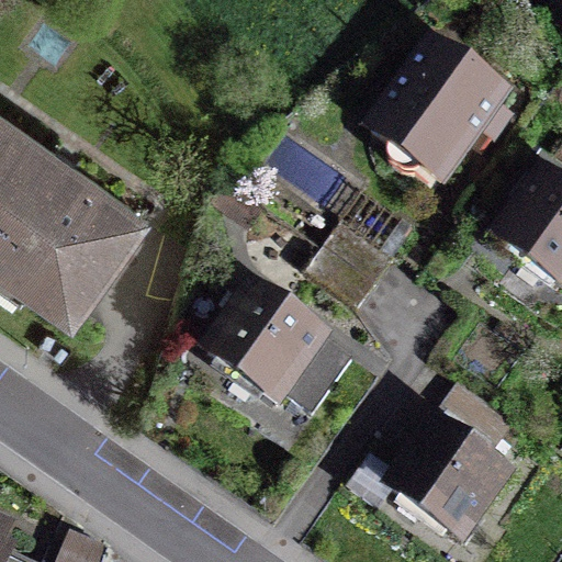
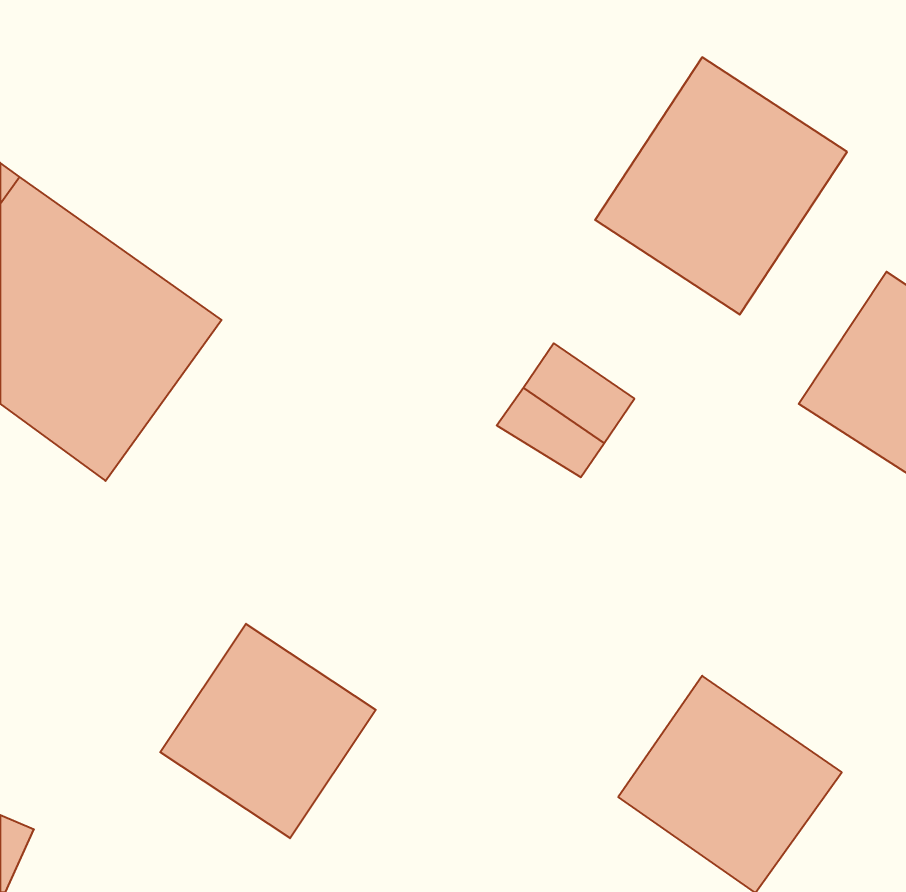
building: [204,283,339,415] -> none
building: none -> [160,624,376,838]

